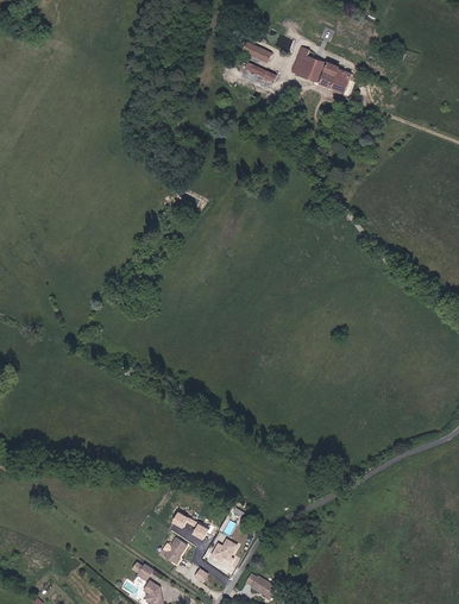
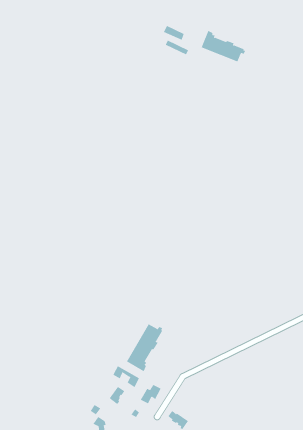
building: none -> [126,324,163,372]

